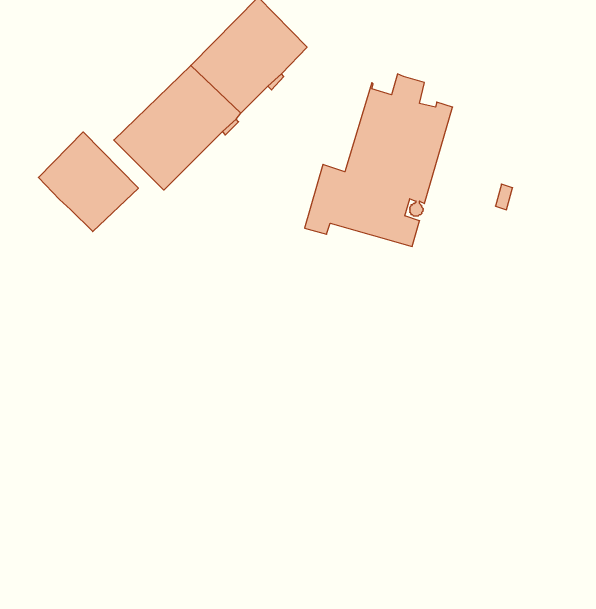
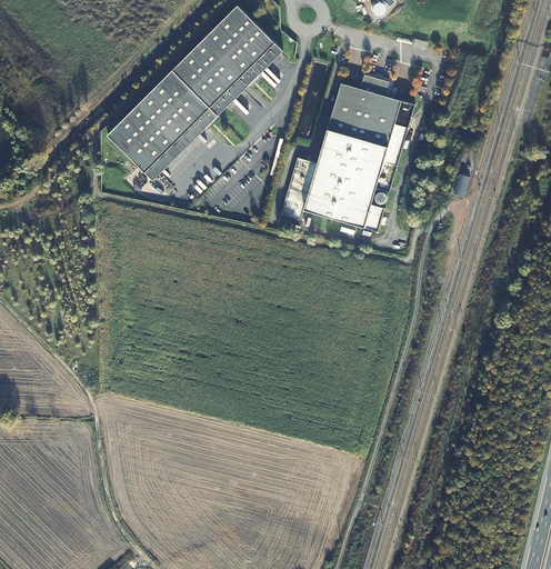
building: [38,132,138,232] -> none

